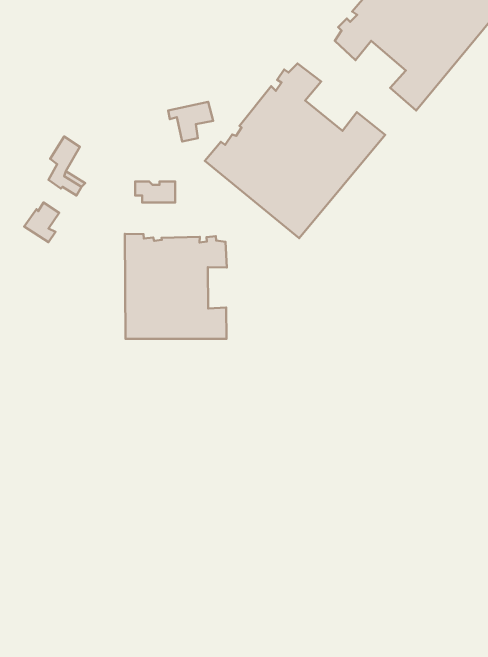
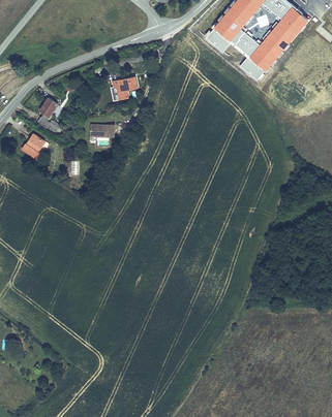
building: [205,64,385,238] -> none
building: [125,234,227,339] -> none

